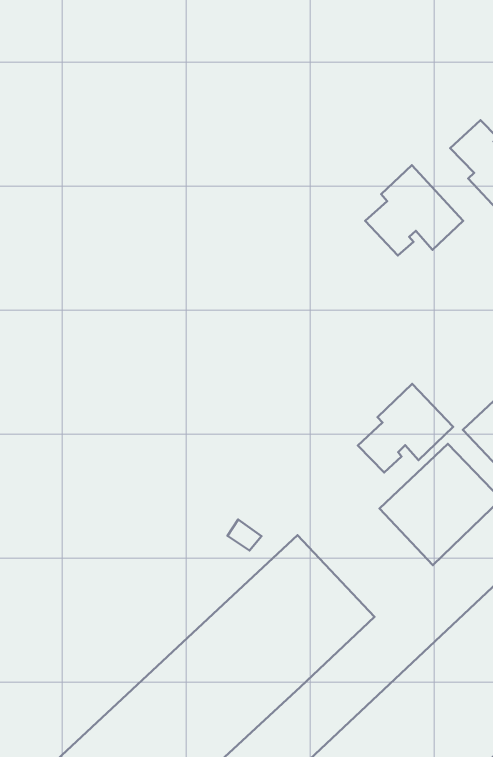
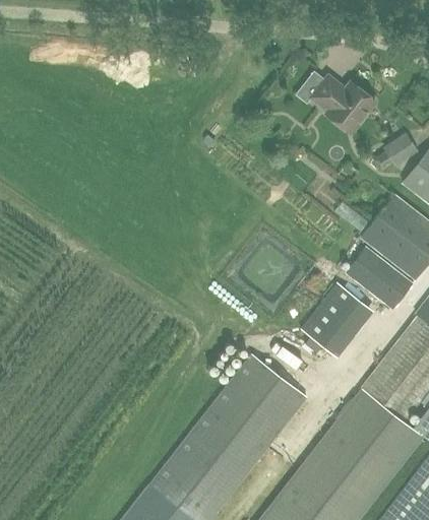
building: [365,165,463,256] -> none
building: [358,384,453,472] -> none

